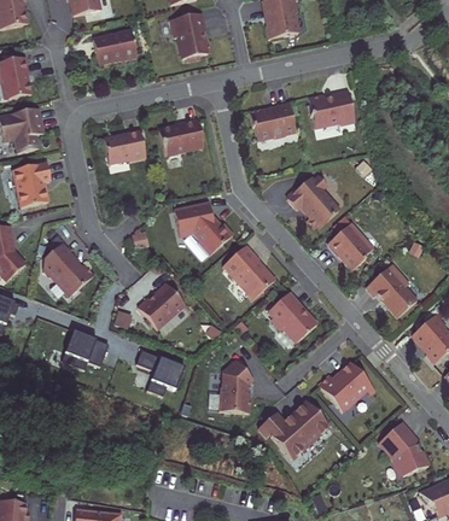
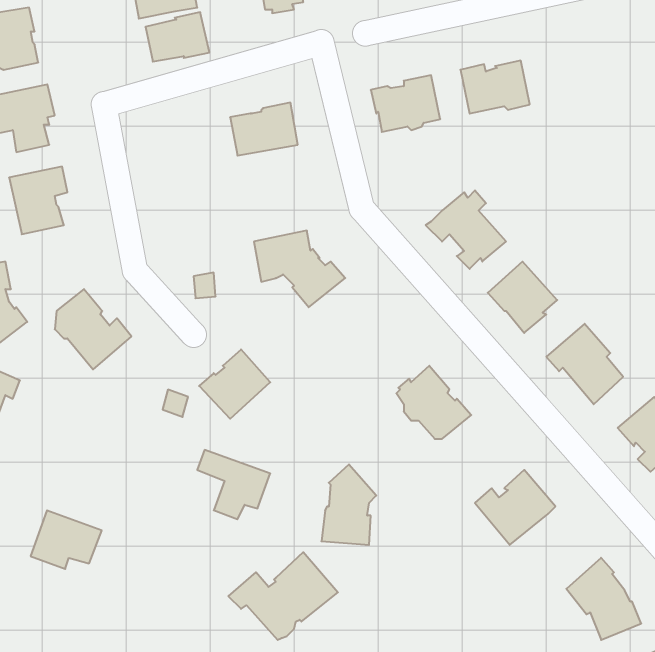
building: [101,124,144,157] -> [145,12,209,62]
building: [221,246,274,302] -> none
building: [60,329,107,368] -> [31,510,102,569]
building: [257,399,330,457] -> [228,552,338,640]

